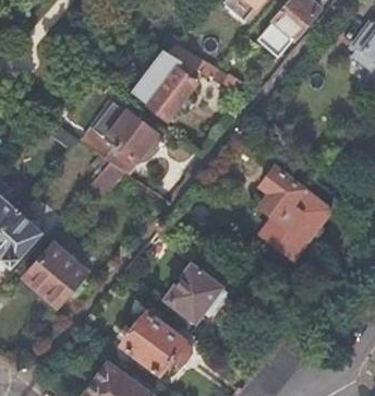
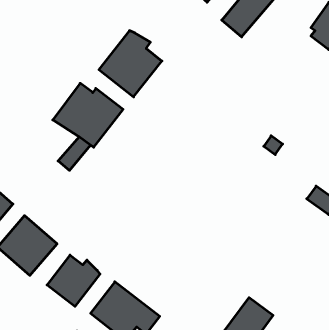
building: [259,167,331,259] -> none
building: [167,264,227,320] -> none
building: none -> [47,255,100,306]

